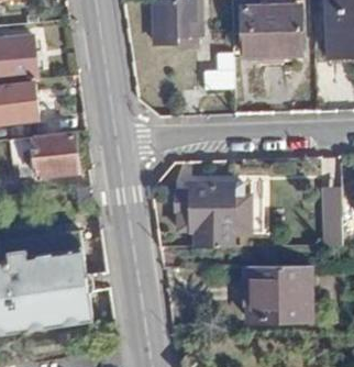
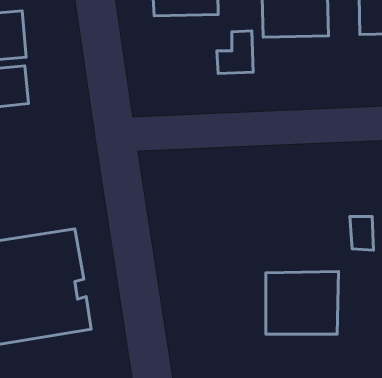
building: [22,133,79,179] -> none
building: [173,181,248,245] -> none

